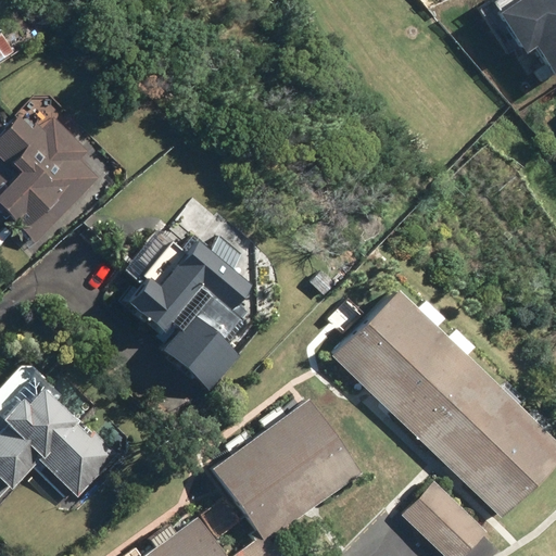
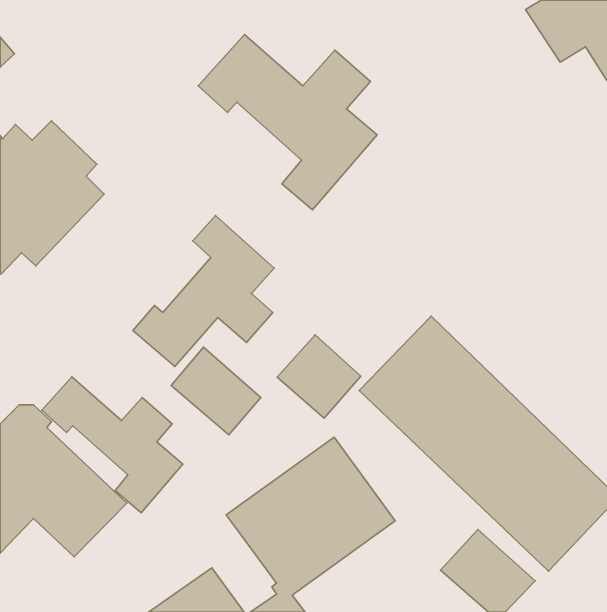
building: none -> [198,34,377,210]
building: none -> [277,335,361,418]
building: none -> [42,377,183,513]

